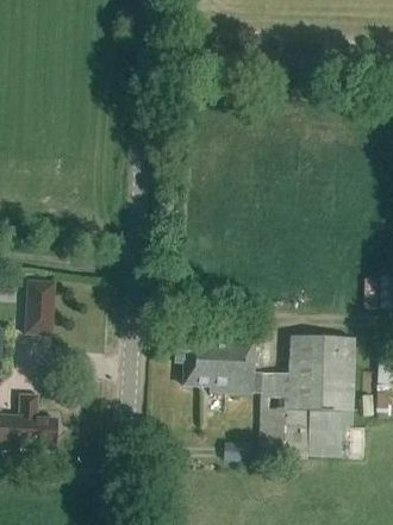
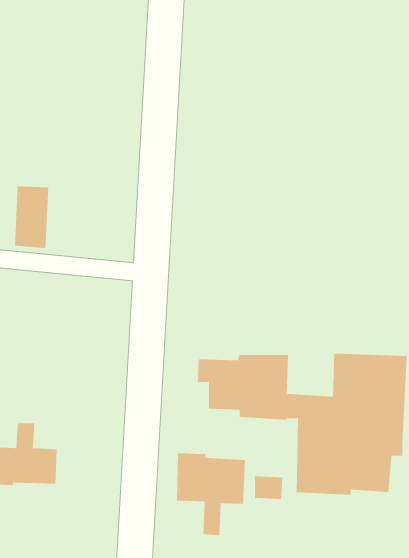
building: [25,282,55,336] -> [14,186,49,248]
building: none -> [176,453,246,536]

